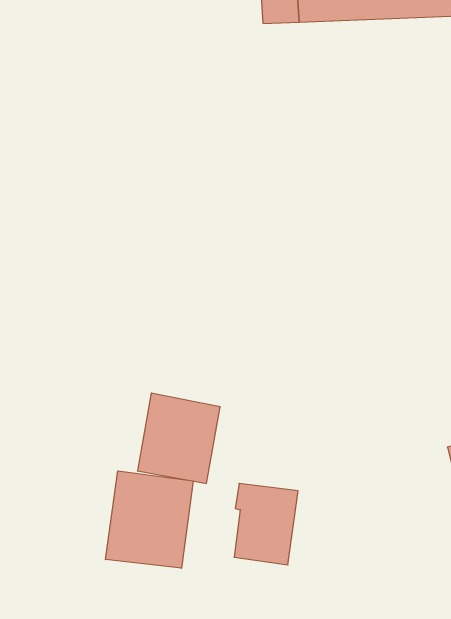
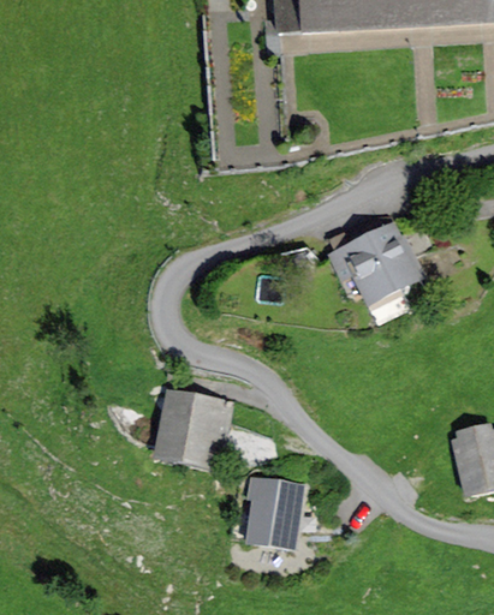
building: none -> [325,216,425,308]
building: [106,471,193,568] -> none

